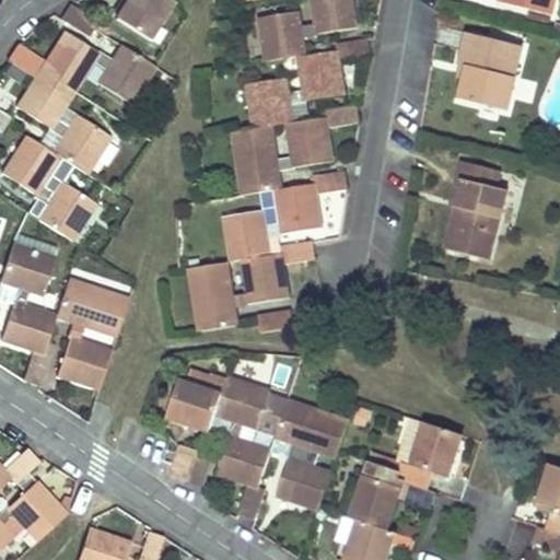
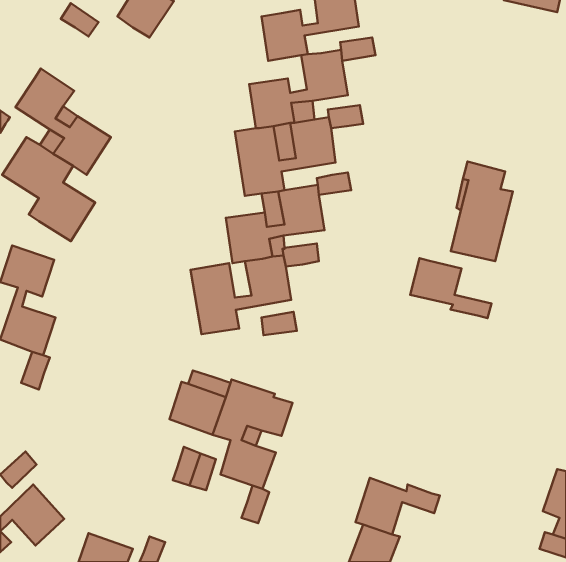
building: [7,30,153,102] -> none
building: [458,33,522,109] -> none
building: none -> [410,258,491,318]
building: [55,278,128,387] -> none
building: [276,398,349,508] -> none
building: [396,421,462,488] -> none

